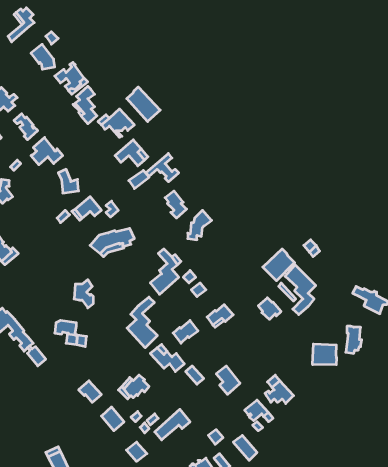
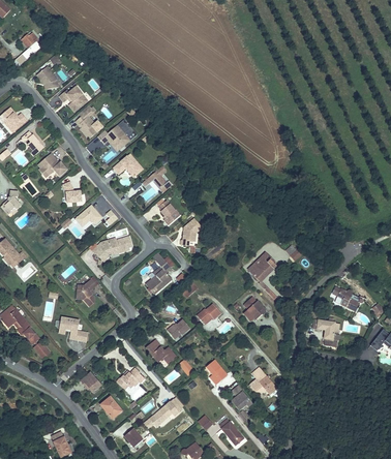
building: [127,87,160,122] -> none
building: [285,265,316,315] -> none
building: [127,297,157,348] -> none
building: [313,344,336,365] -> none

